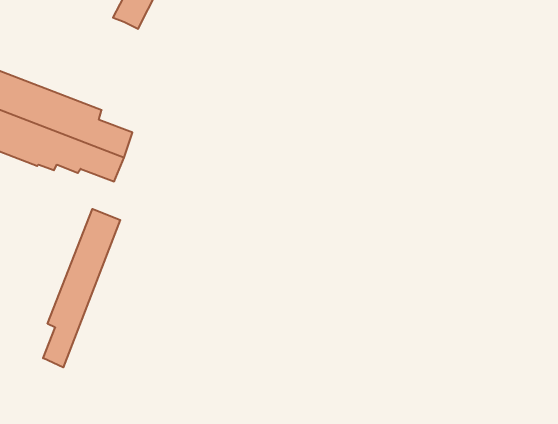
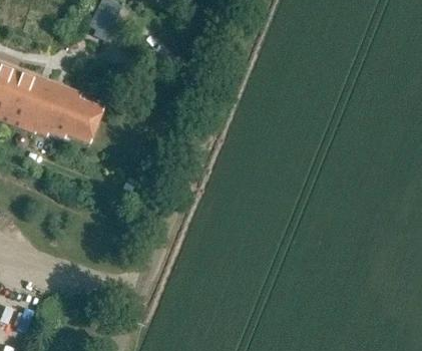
building: [43,209,120,367] -> none

